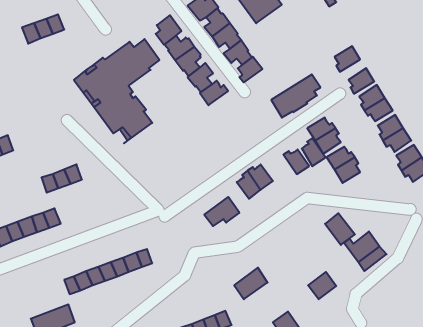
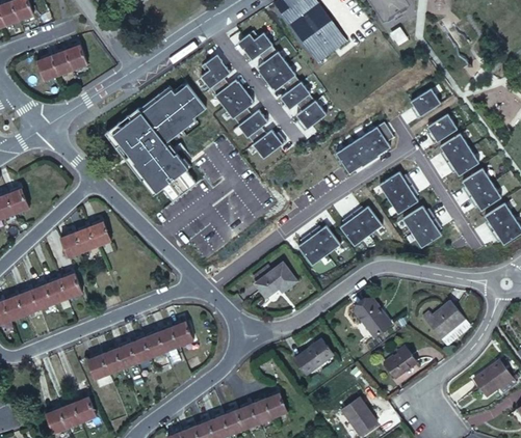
building: [302,138,325,166] -> [337,213,365,246]
building: [325,213,355,245] -> [351,300,387,337]
building: none -> [468,364,507,402]

